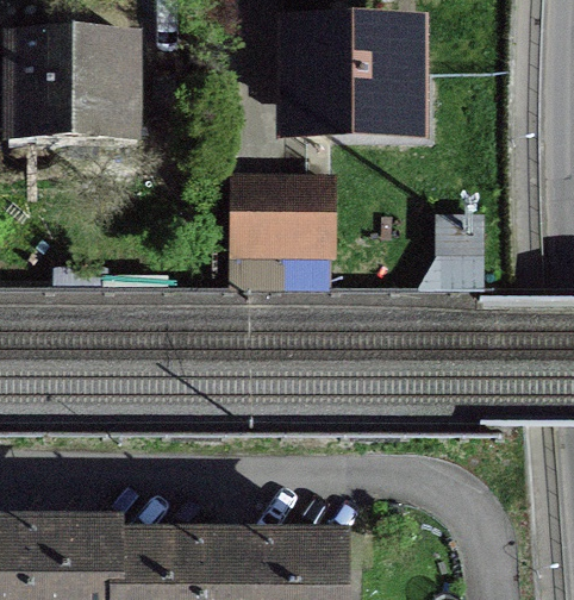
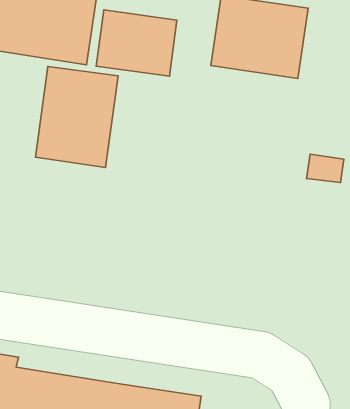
building: none -> [36,66,118,168]
building: [237,175,331,248] -> [96,10,177,76]

